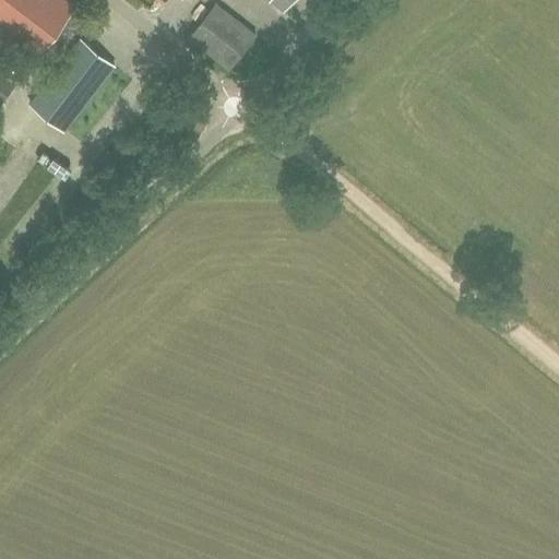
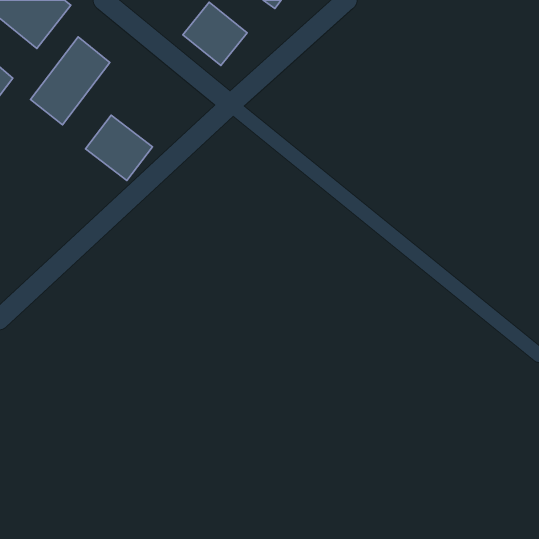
building: none -> [85,115,153,180]

